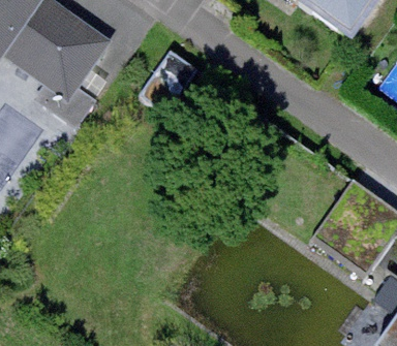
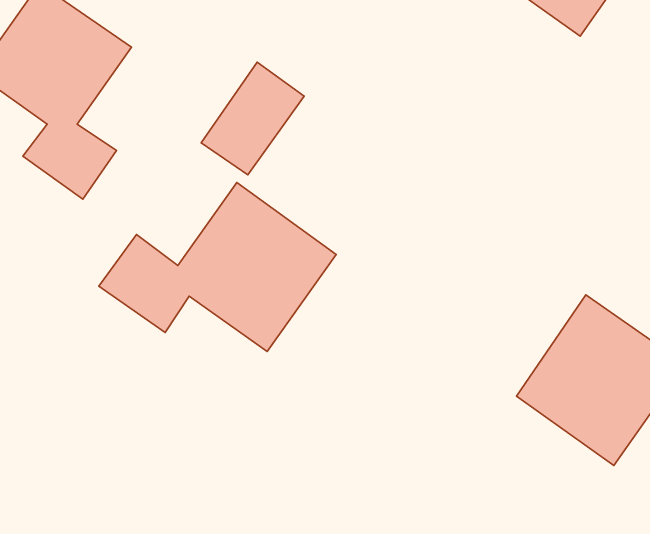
building: none -> [99,183,336,352]

